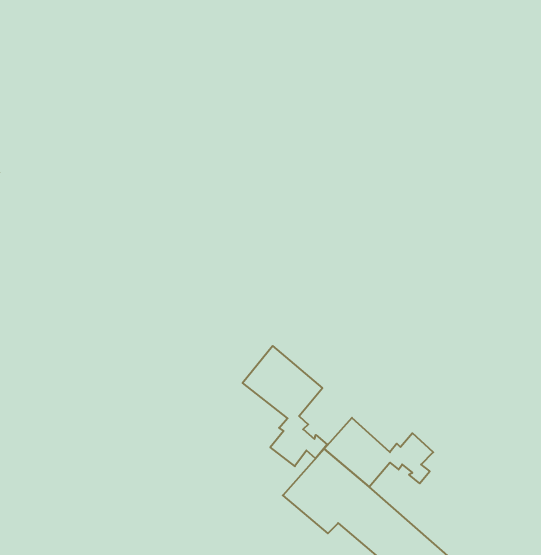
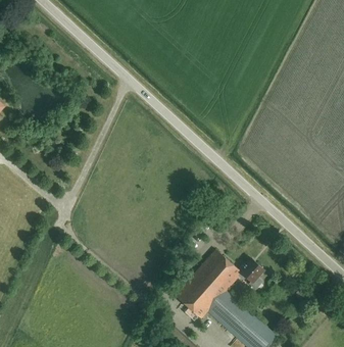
building: [243,346,327,466] -> none

